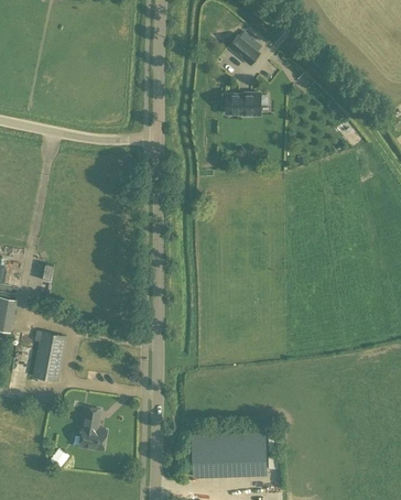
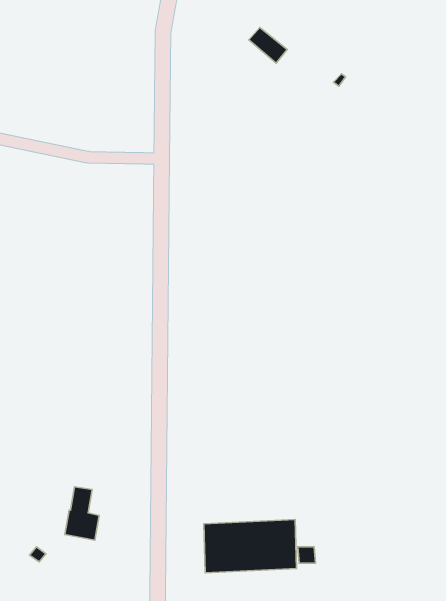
building: [225,93,267,116] -> none
building: [32,329,65,380] -> none

